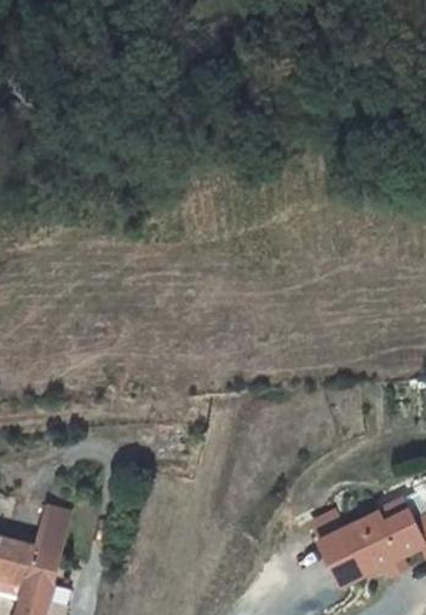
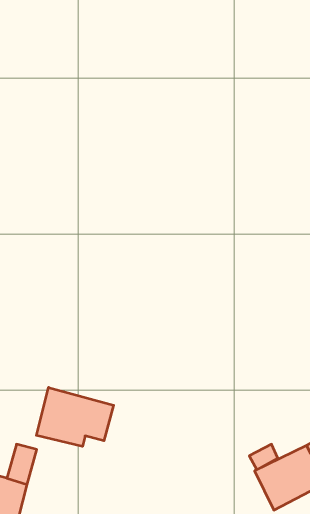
building: none -> [36,387,114,446]

